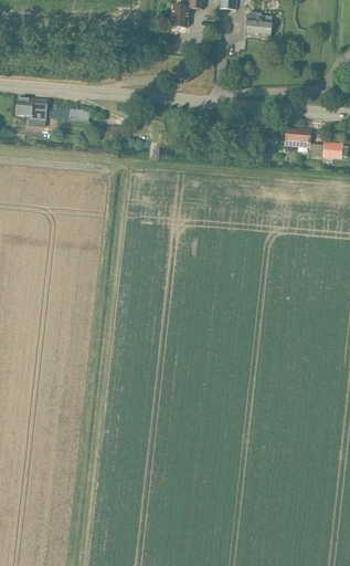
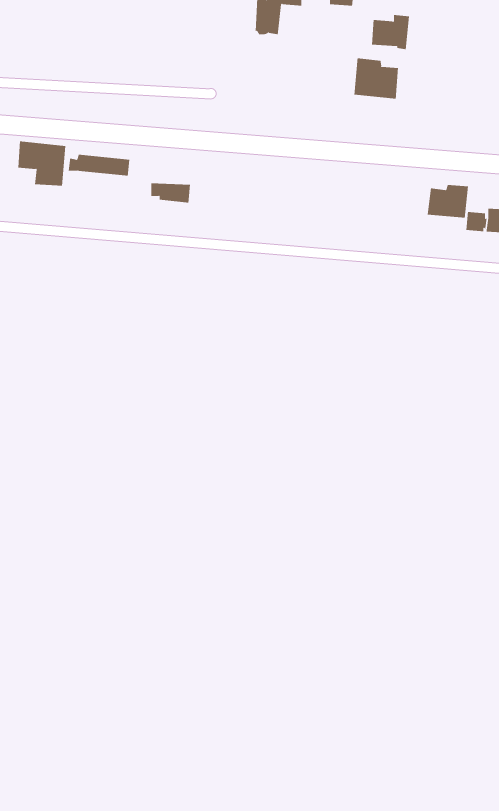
building: none -> [354,57,398,99]

